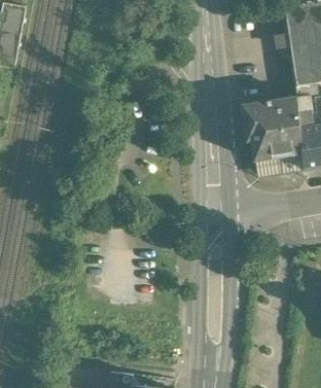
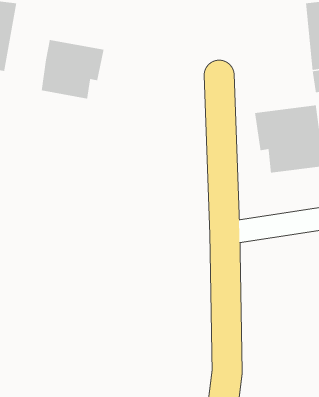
building: none -> [41,39,104,99]

